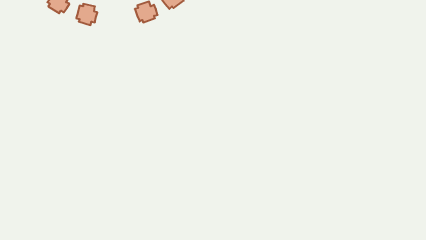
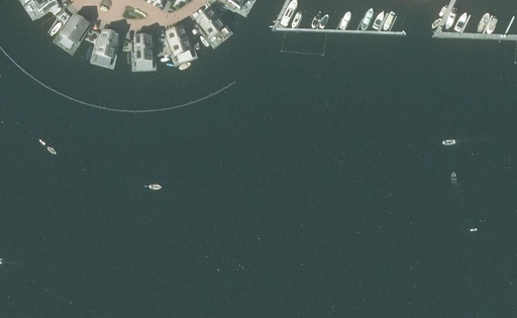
building: none -> [133,35,157,58]

